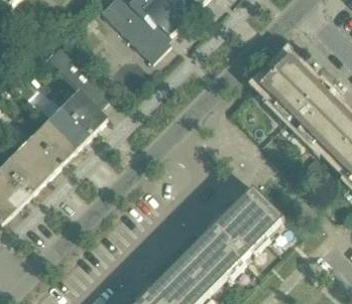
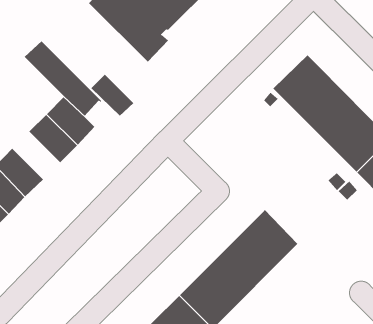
building: none -> [91,74,134,116]
building: [35,120,77,161] -> none

